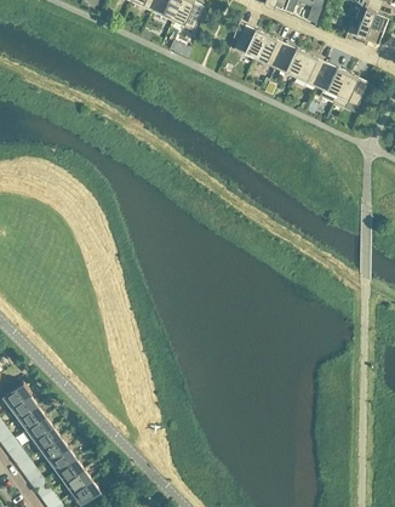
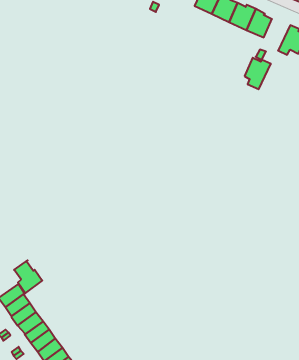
building: [316,65,348,103] -> [245,58,271,89]
building: none -> [14,260,42,293]

